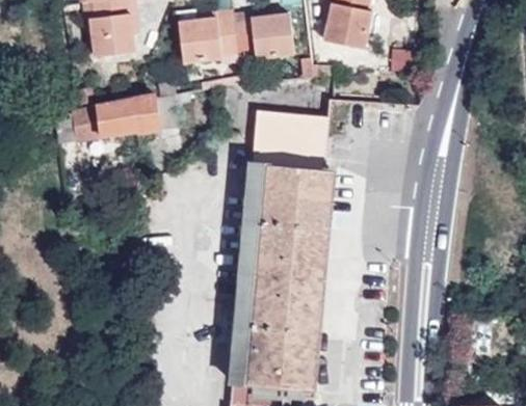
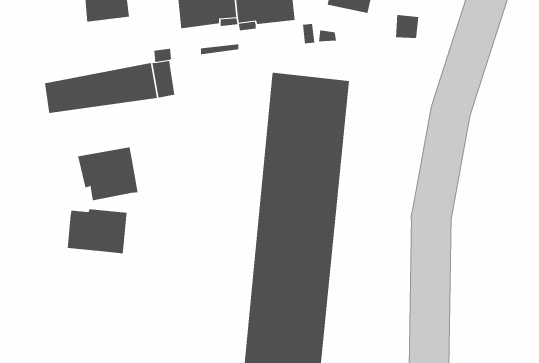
building: none -> [78,147,138,201]
building: none -> [67,208,127,254]

